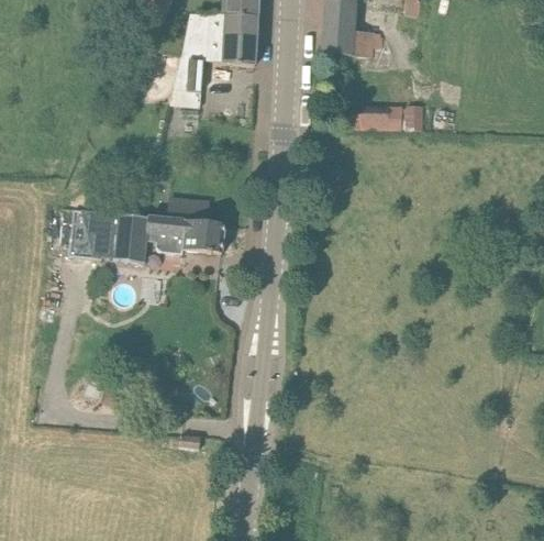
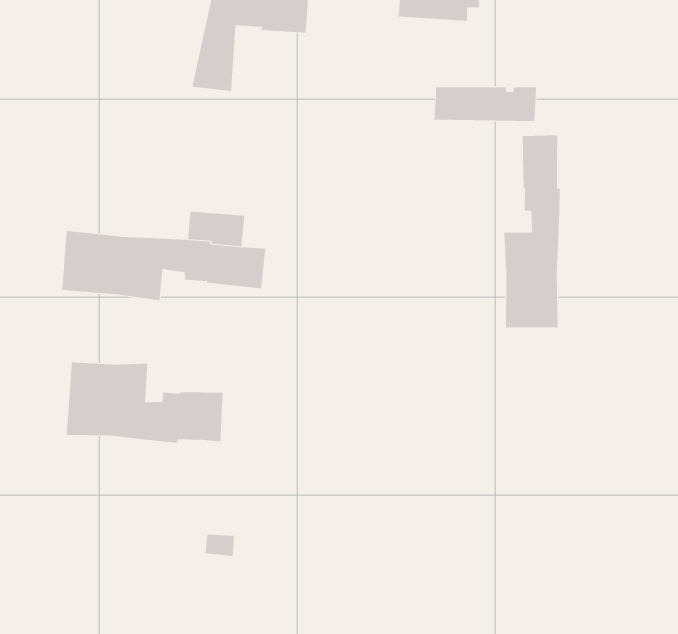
building: none -> [504,134,560,328]
building: none -> [66,361,223,443]

